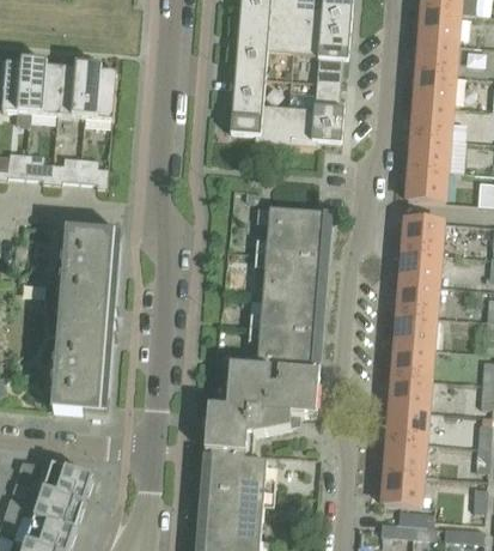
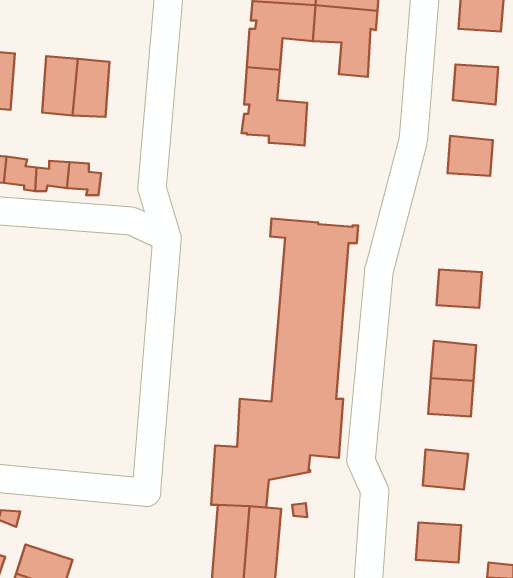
building: [416,41,456,74] -> none
building: [29,62,60,114] -> none
building: [285,80,341,145] -> none
building: [411,103,451,138] -> none
building: [407,166,446,201] -> none
building: [402,218,441,253] -> none
building: [51,230,118,414] -> none
building: [397,281,437,316] -> none
building: [390,376,429,411] -> none
building: [384,438,423,473] -> none
building: [42,462,92,503] -> none

